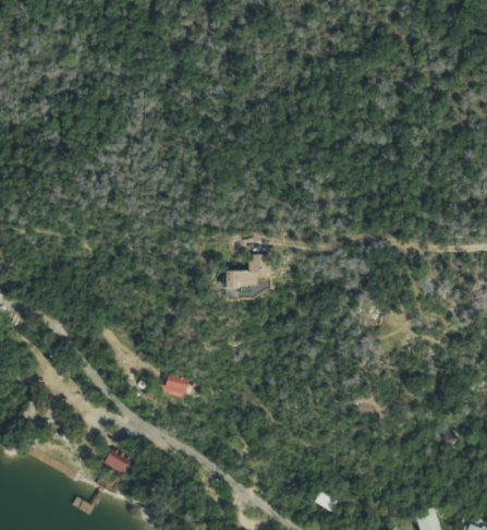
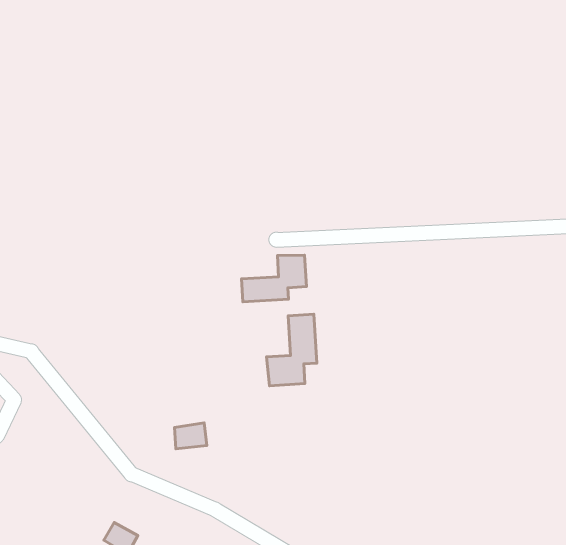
building: none -> [266,314,317,386]

